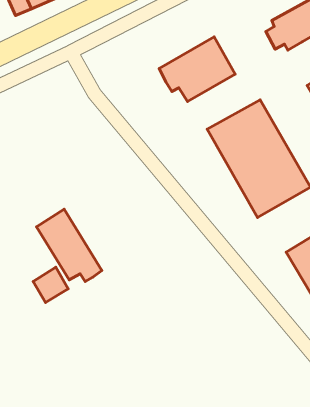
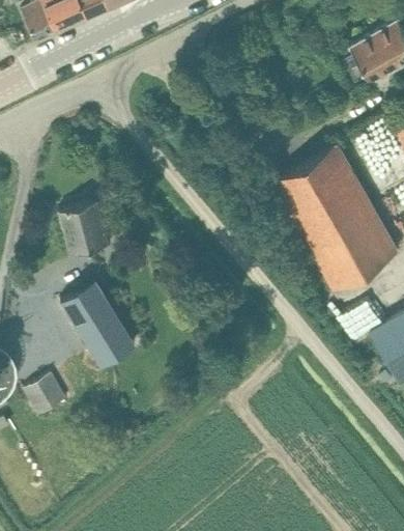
building: [159,37,235,101] -> none
building: none -> [58,193,114,256]
building: [33,267,68,302] -> [23,374,66,418]

